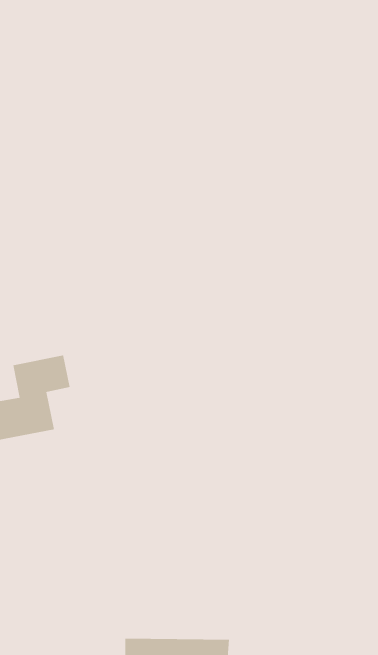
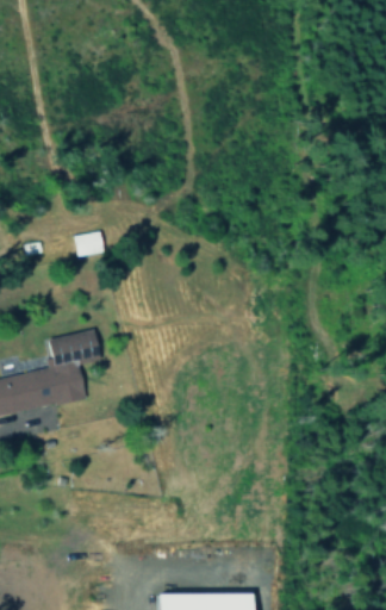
building: none -> [71,230,104,257]

